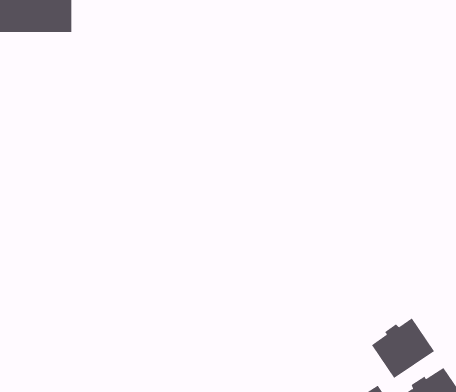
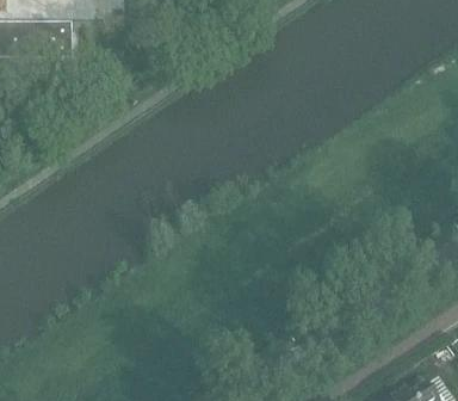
building: [371,317,435,379] -> none

